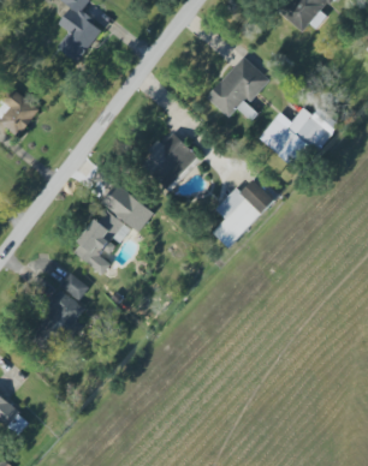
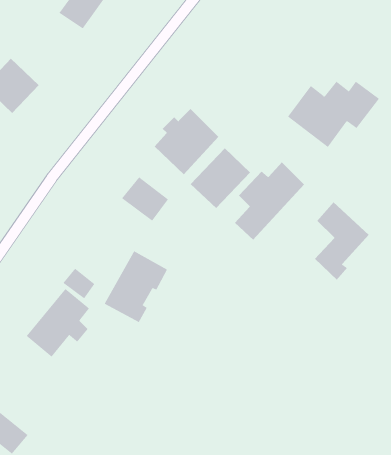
building: [206,55,269,116] -> none
building: none -> [190,147,251,209]
building: [73,208,130,271] -> [104,251,168,323]
building: none -> [314,201,370,281]

